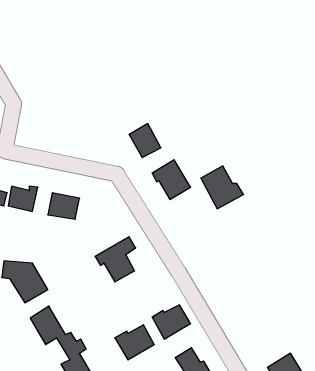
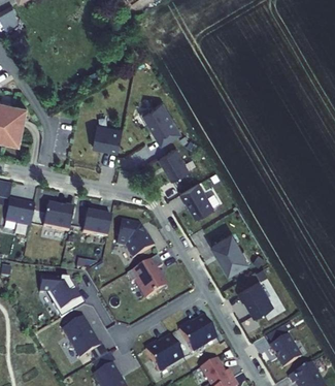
building: none -> [138,103,178,144]
building: none -> [93,127,122,154]
building: [201,166,244,209] -> [210,234,250,275]
building: none -> [115,222,153,259]
building: none -> [236,281,273,317]
building: none -> [268,335,299,368]

